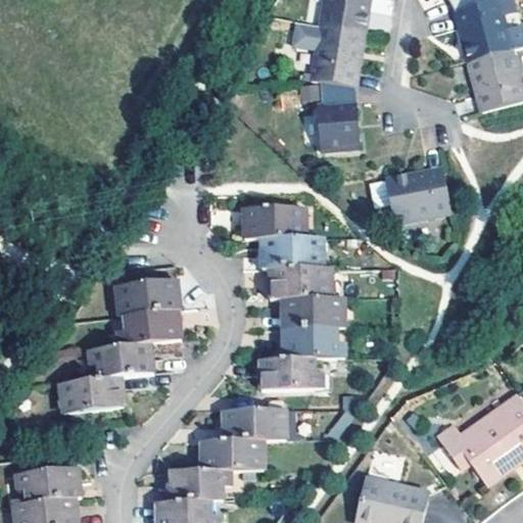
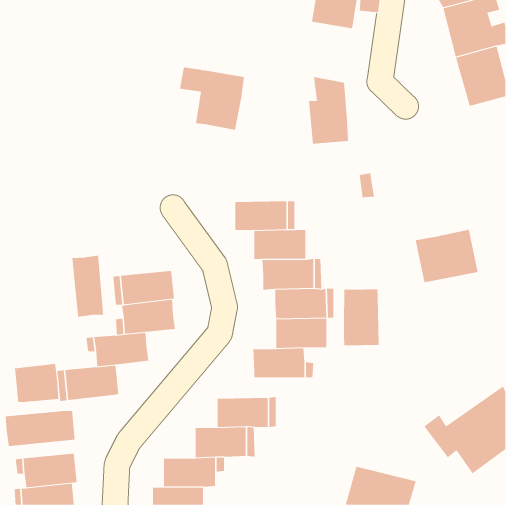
building: [295,19,363,85] -> [179,67,245,131]
building: [385,165,450,221] -> [415,229,478,283]
building: none -> [72,255,104,318]
building: none -> [343,289,379,346]
building: none -> [14,363,59,403]
building: none -> [5,410,75,447]

